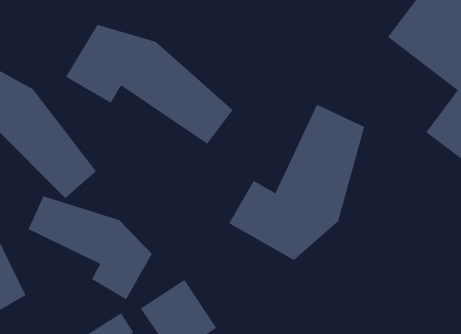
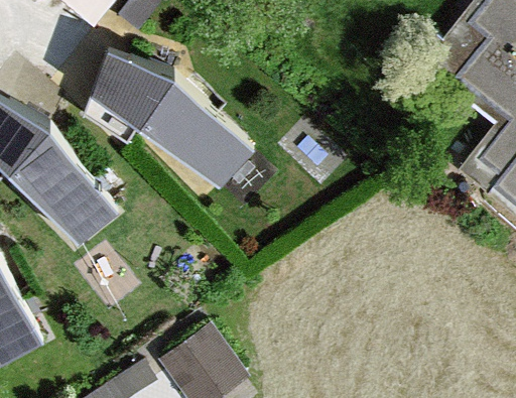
building: [228,104,365,261] -> none
building: [28,195,153,300] -> none

